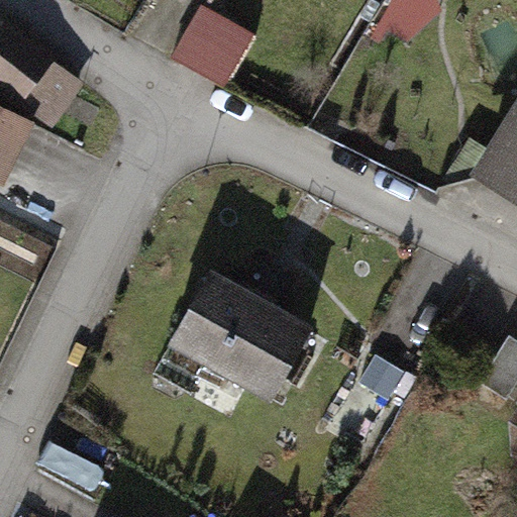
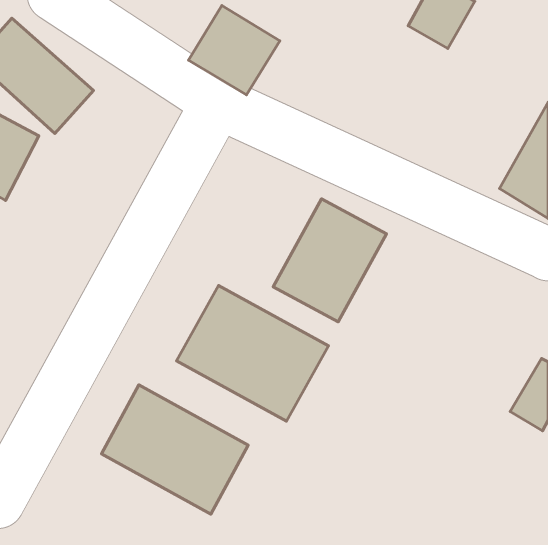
building: none -> [273,199,387,322]
building: none -> [101,385,248,514]

